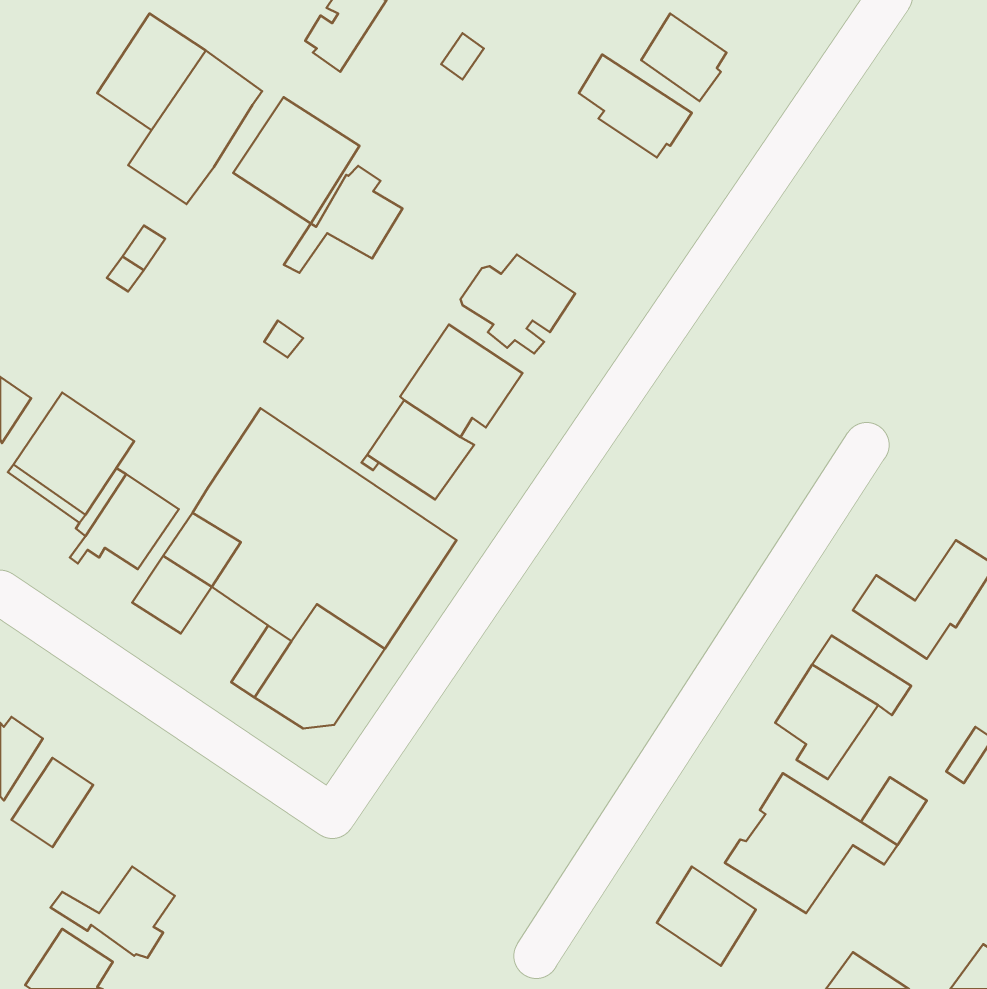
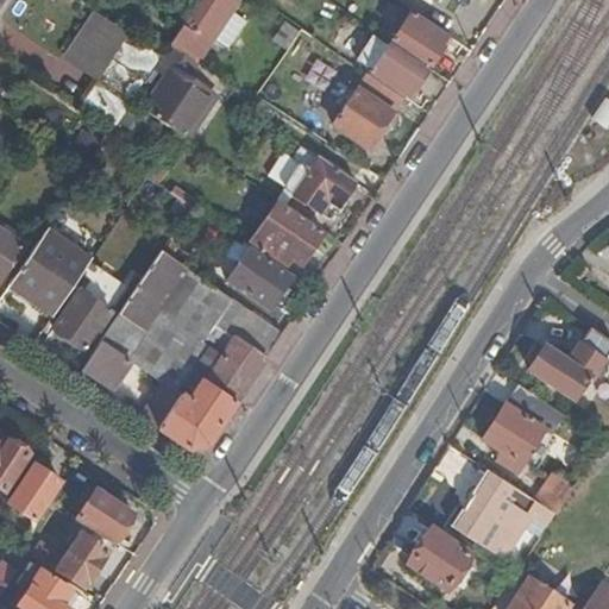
building: none -> [333,70,406,146]
building: [284,166,403,273] -> none
building: none -> [79,486,134,540]

